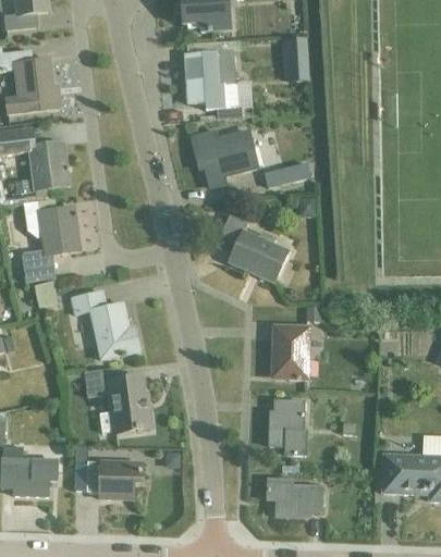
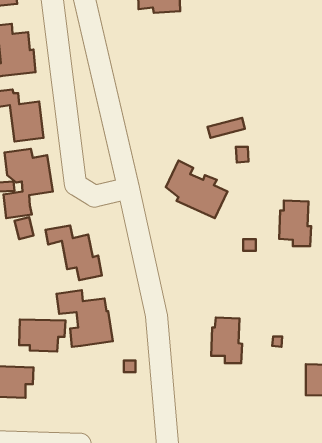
building: [285,38,308,81] -> none
building: [184,51,237,110] -> none
building: [192,131,257,187] -> none
building: [271,325,309,380] -> [279,200,311,246]
building: [86,461,142,499] -> [19,320,66,351]
building: [267,479,321,518] -> none

